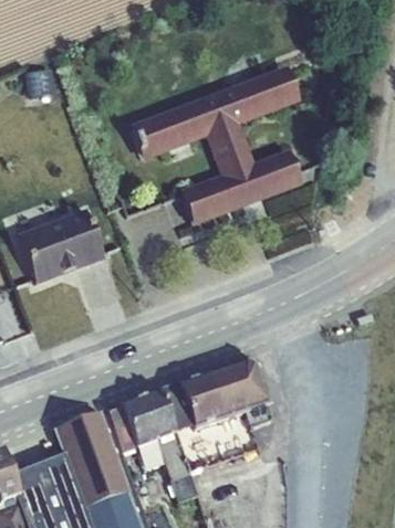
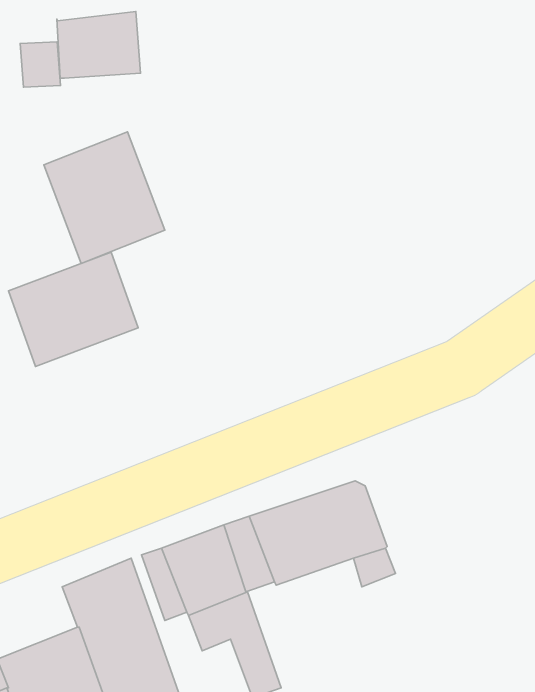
building: none -> [57,12,141,78]
building: [129,65,303,225] -> none
building: none -> [44,132,165,263]

